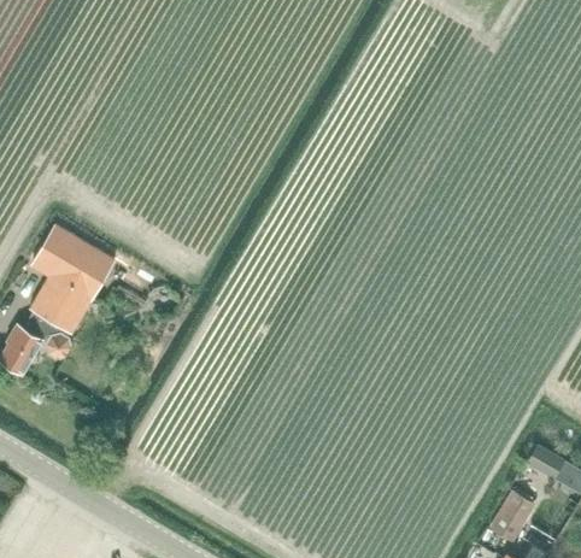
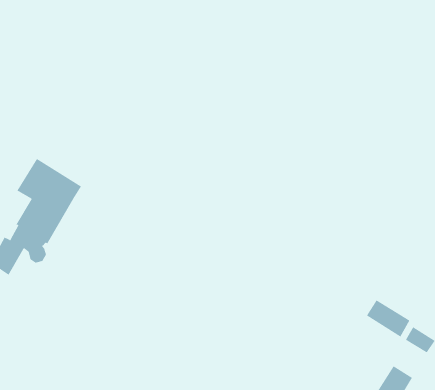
building: none -> [366,299,410,338]

